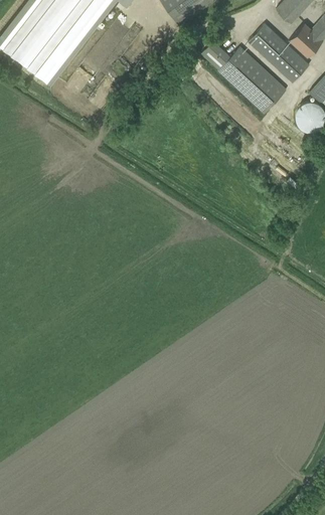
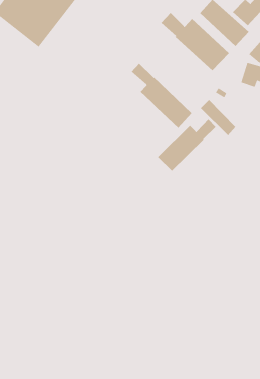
building: none -> [130,63,193,128]
building: none -> [158,119,217,171]

